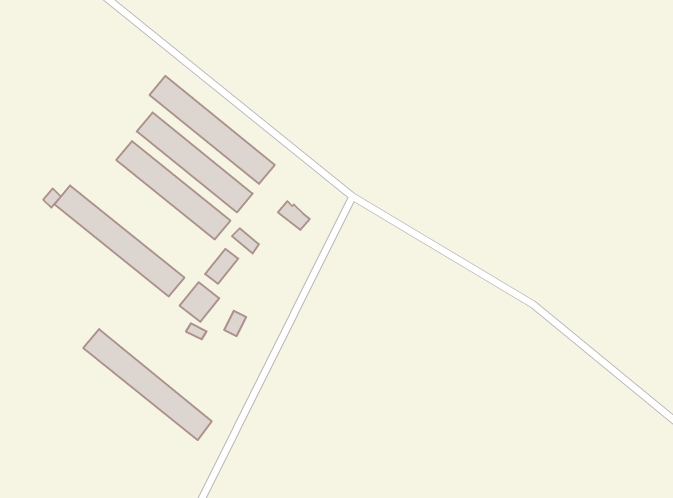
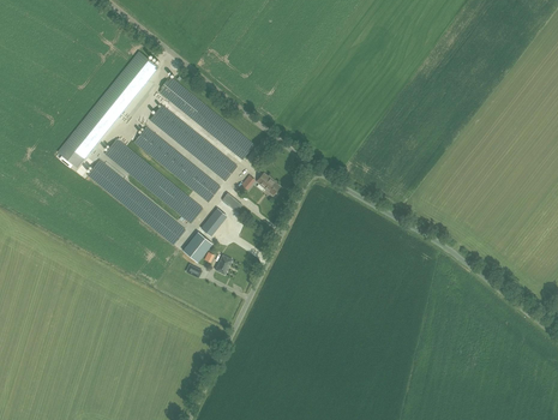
building: none -> [56,50,158,167]
building: [83,329,212,440] -> [104,138,202,222]

